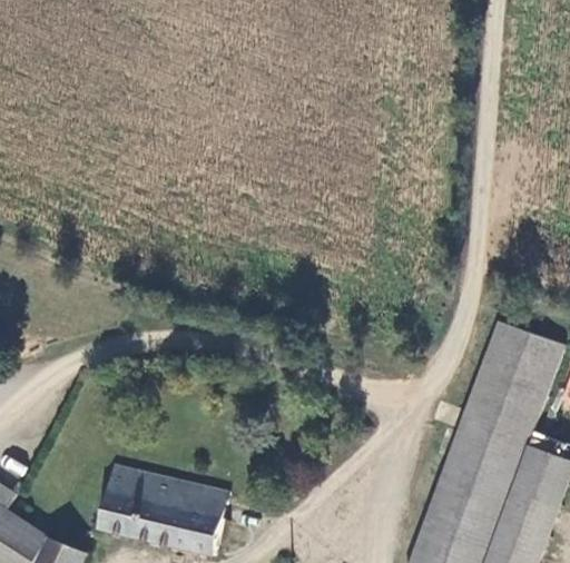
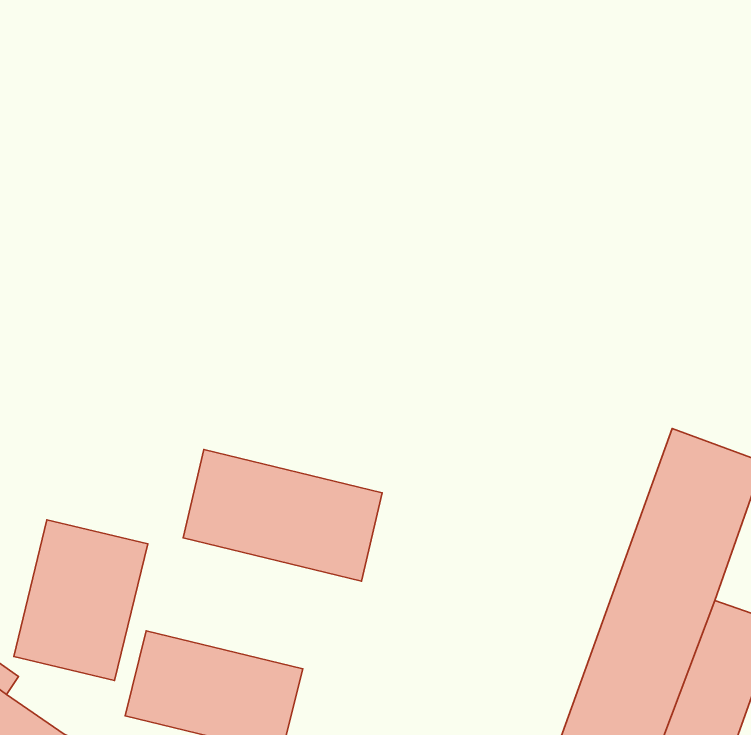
building: none -> [183,450,382,581]
building: none -> [14,520,148,681]

